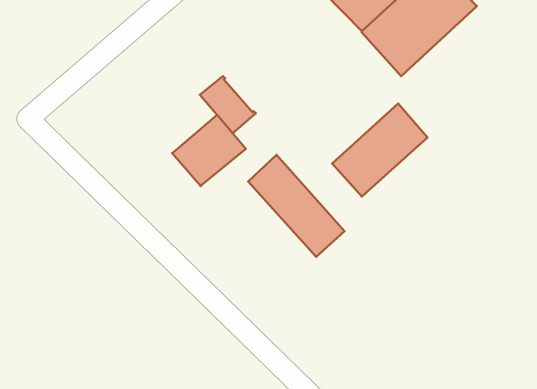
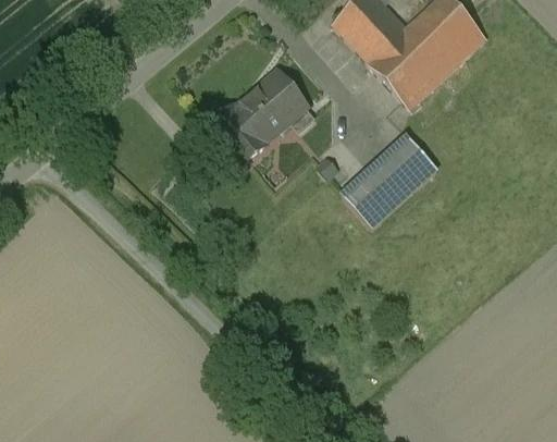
building: [172,115,246,186] -> [235,71,308,142]
building: [248,155,344,257] -> none

